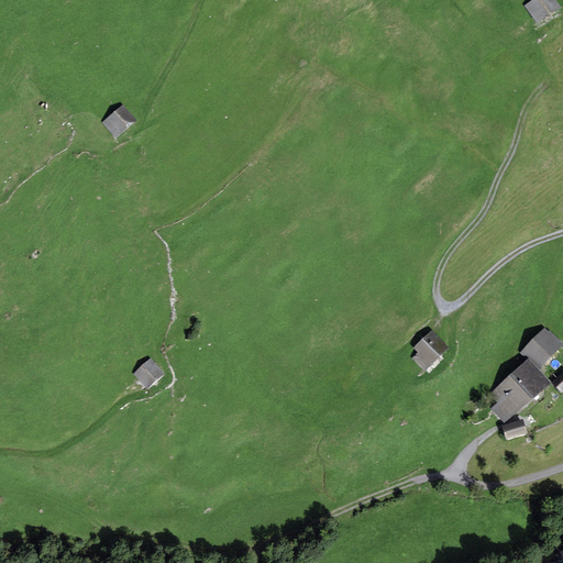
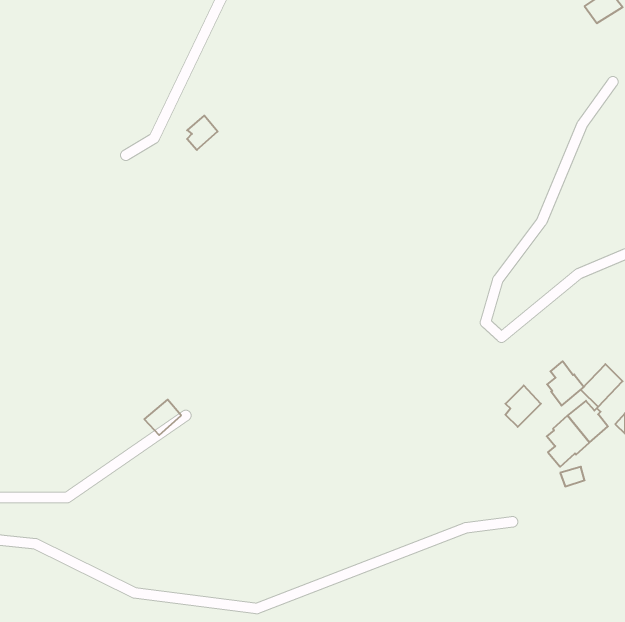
building: [107,106,134,136] -> [187,116,218,150]
building: none -> [547,361,584,406]
building: [415,330,446,367] -> [505,385,541,427]

